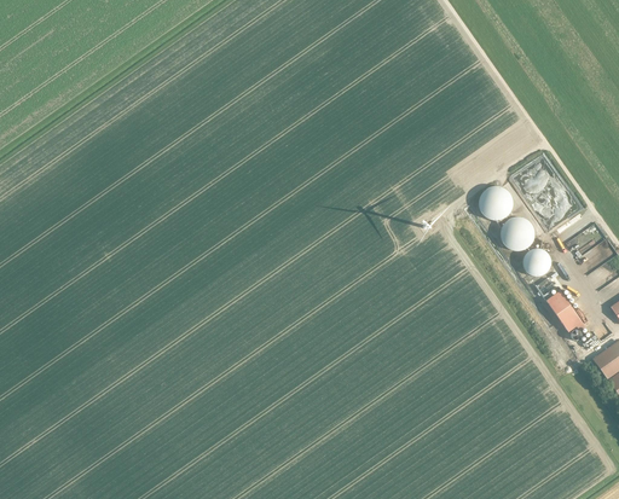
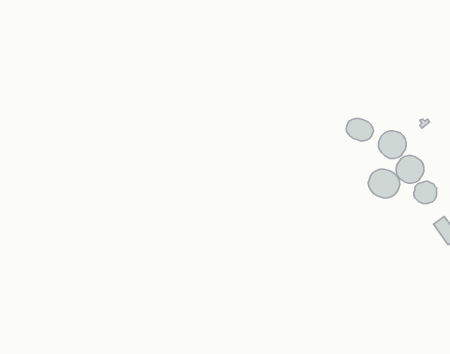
building: none -> [346,119,373,141]
building: none -> [368,169,400,198]

